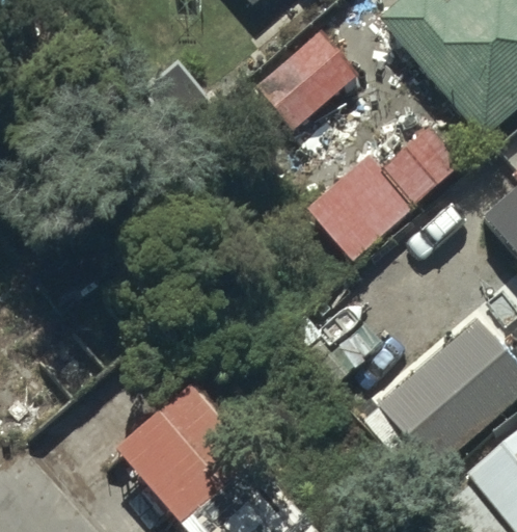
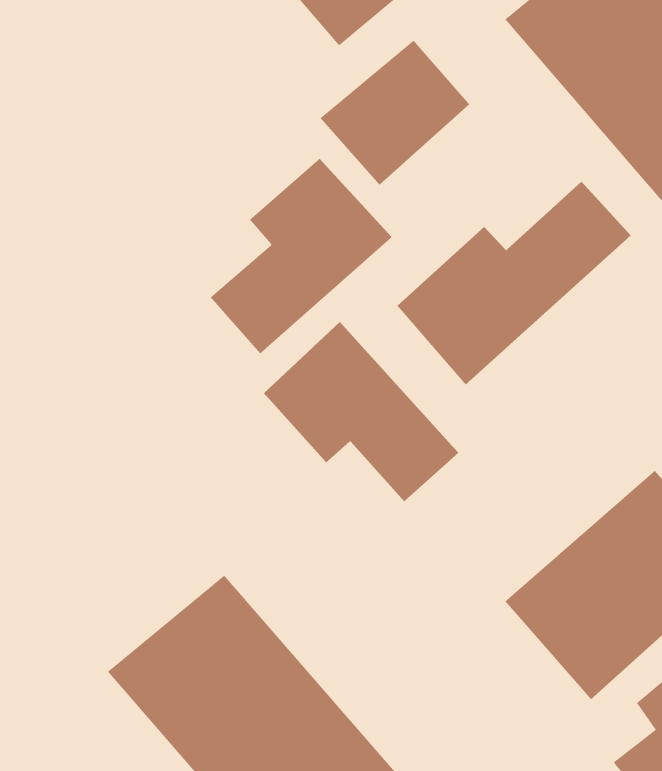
building: none -> [210,158,392,354]
building: none -> [263,321,459,502]

